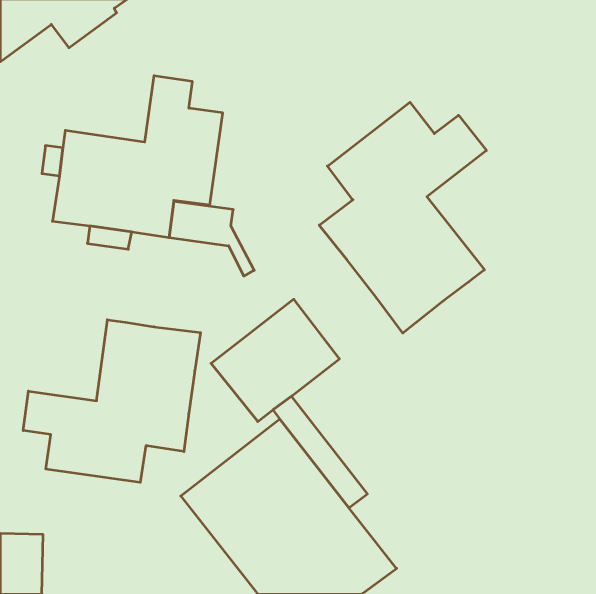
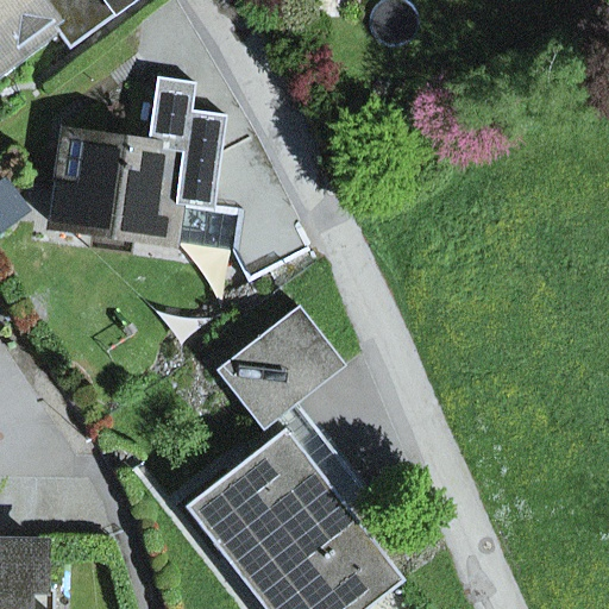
building: [319,102,486,333] -> none
building: [23,320,201,482] -> none

